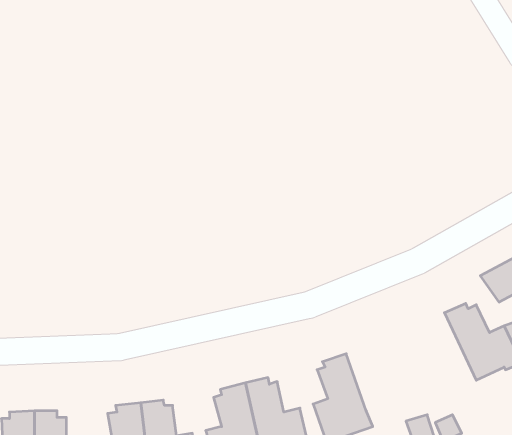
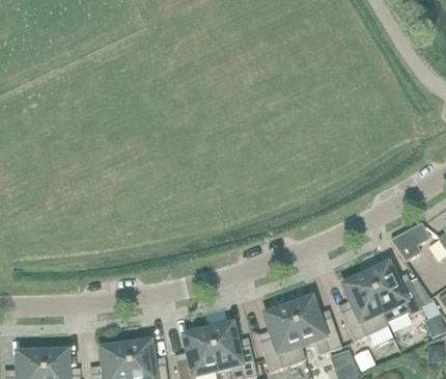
building: none -> [341,270,389,342]
building: none -> [286,296,341,354]

